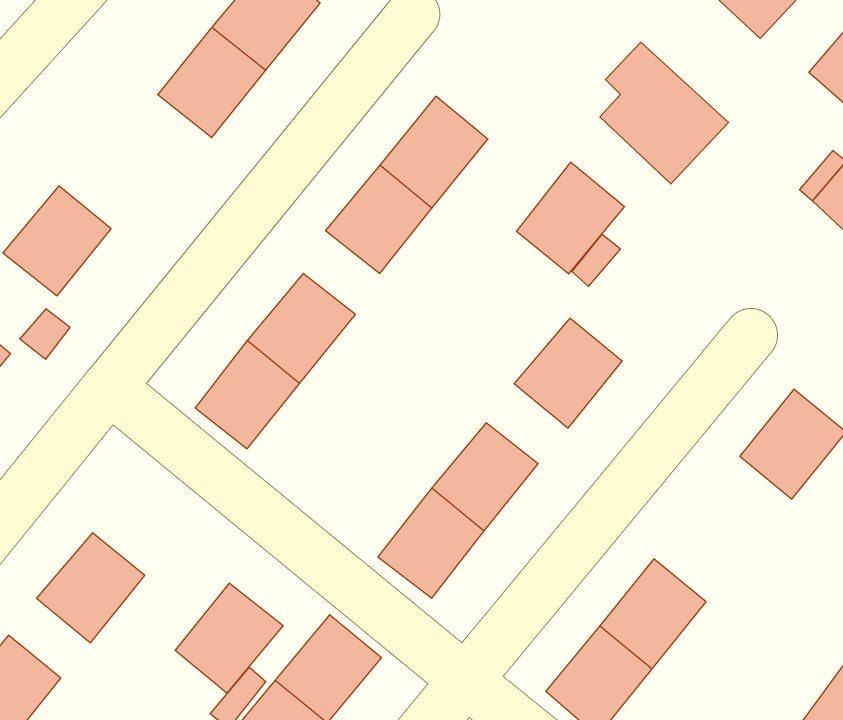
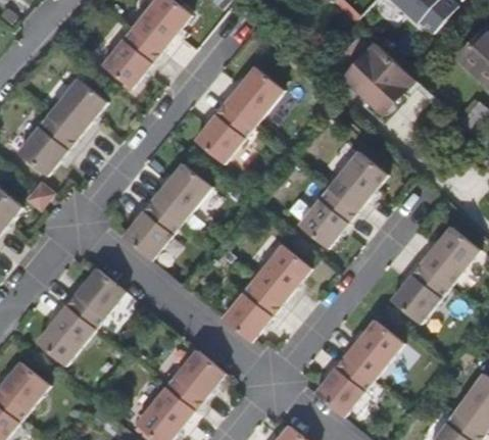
building: none -> [48,78,107,139]
building: [516,162,625,274] -> [328,150,387,211]
building: none -> [390,263,449,324]
building: [175,583,283,693] -> [66,268,126,329]

